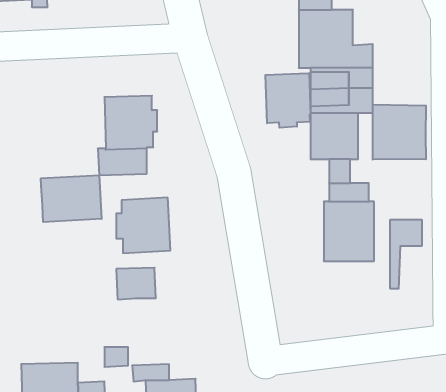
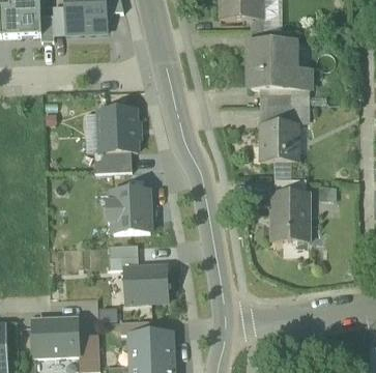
building: [265,73,311,128] -> none
building: [373,104,426,160] -> none
building: [41,175,102,222] -> none
building: [390,220,422,289] -> none
building: none -> [123,267,168,302]

